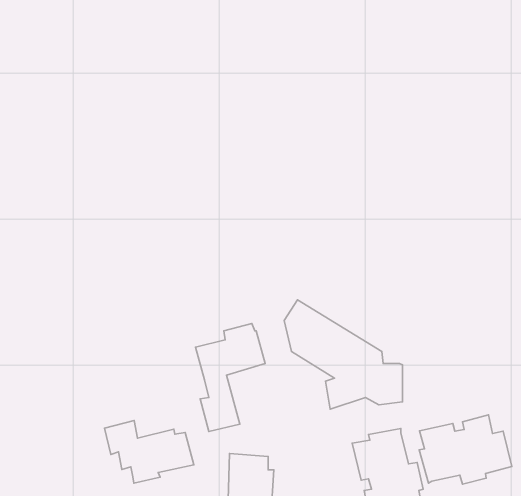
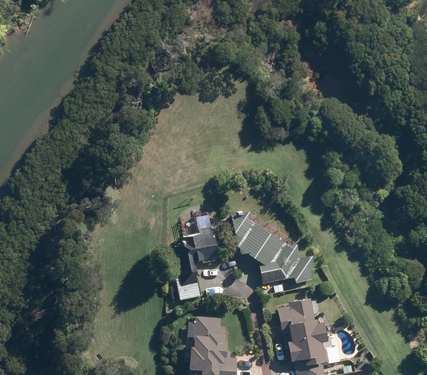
building: [419,415,512,484] -> none
building: [104,421,194,483] -> none

